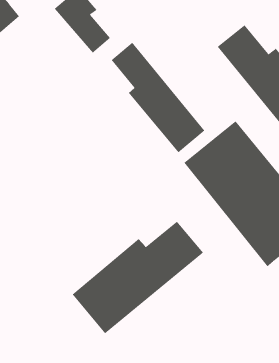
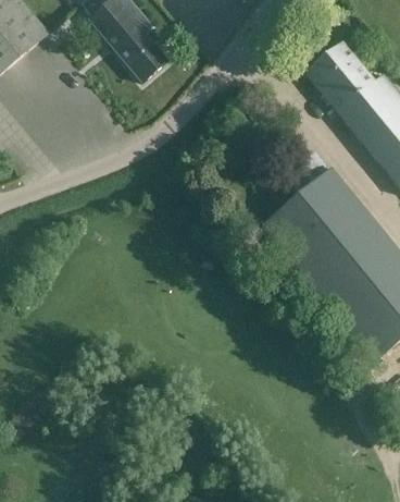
building: [111,42,205,153] -> none
building: [72,221,204,334] -> none

